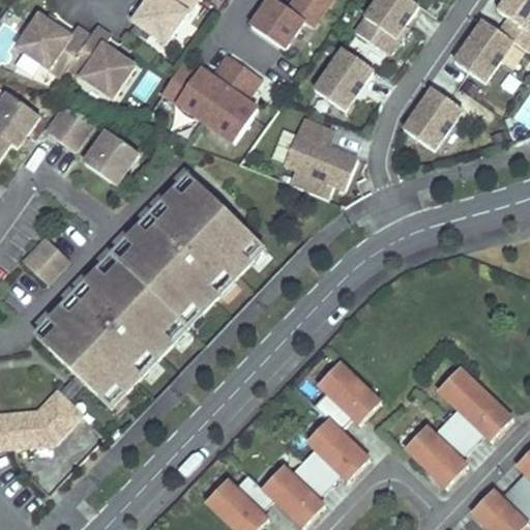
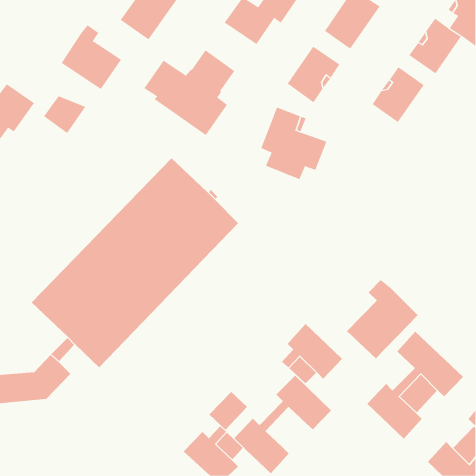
building: [16,16,89,79] -> none
building: [83,130,137,184] -> none
building: [26,238,68,282] -> none
building: none -> [346,279,418,359]
building: [294,450,337,494] -> [209,391,248,430]

